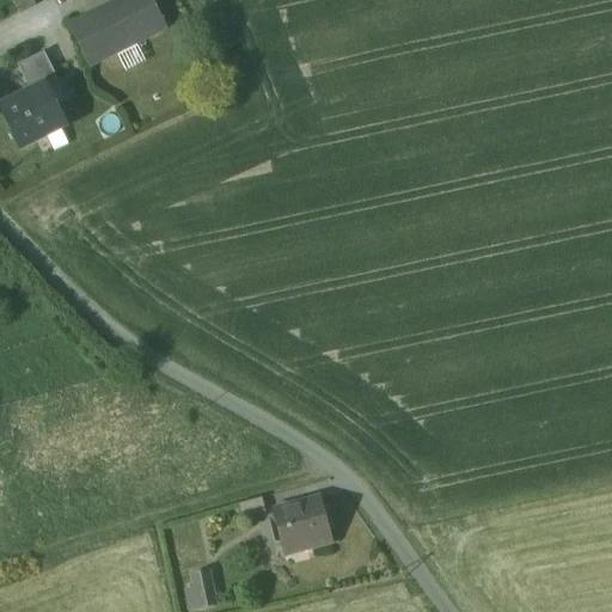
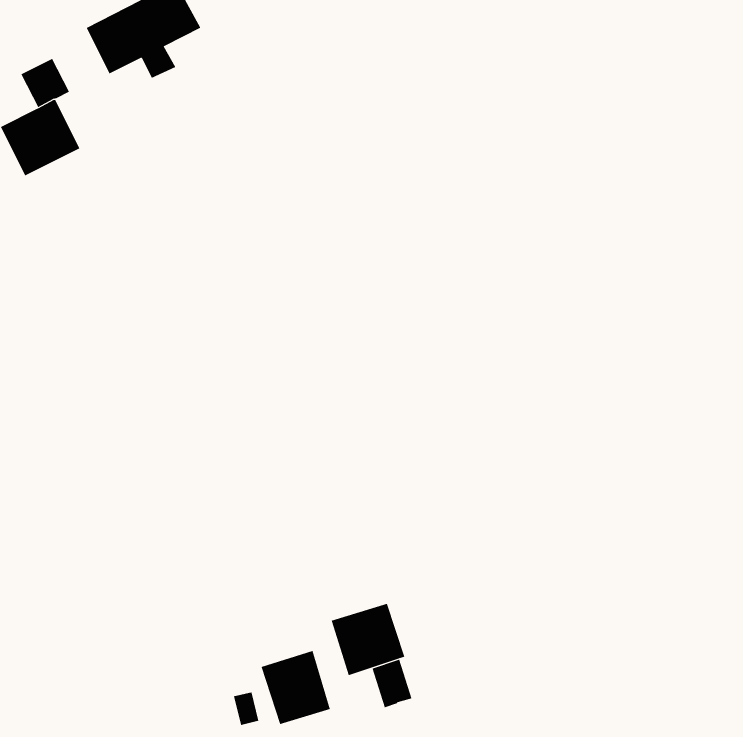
building: none -> [261,650,330,725]
building: none -> [372,659,412,708]

